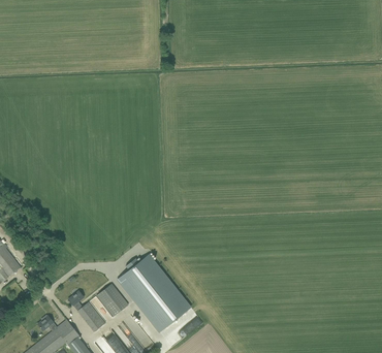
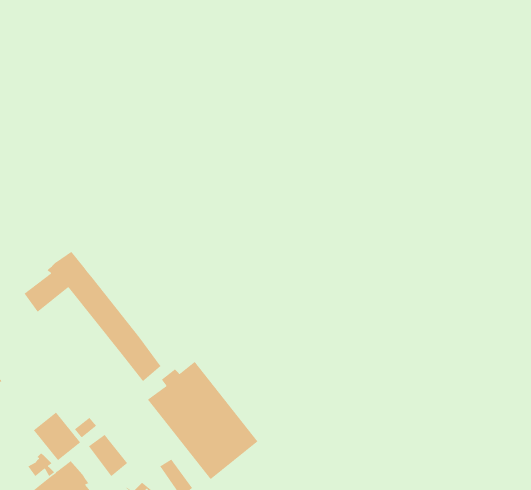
building: none -> [24,251,162,382]
building: [96,284,128,317] -> [33,412,81,461]

